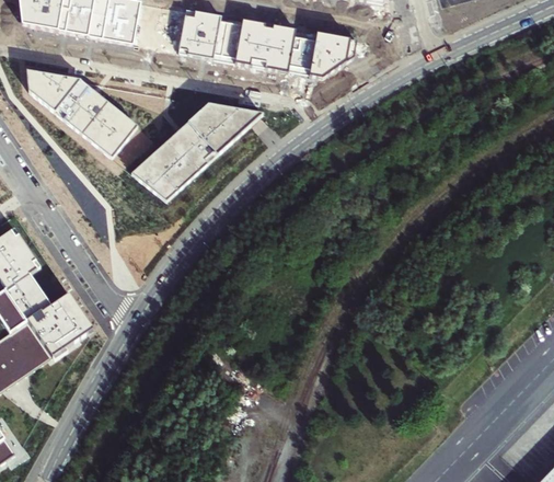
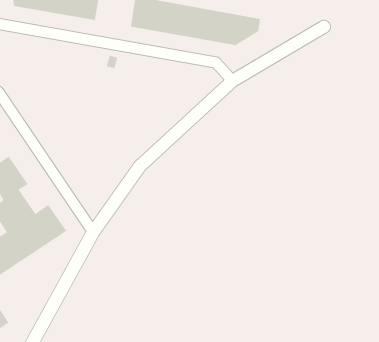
building: [24,68,136,154] -> none
building: [130,102,262,199] -> none

